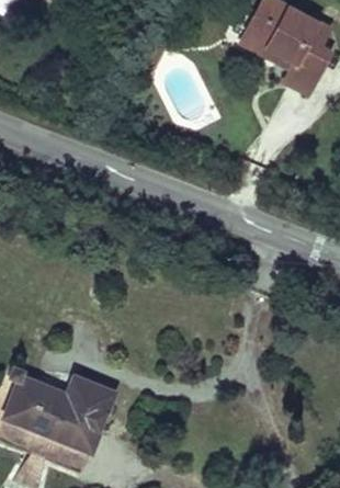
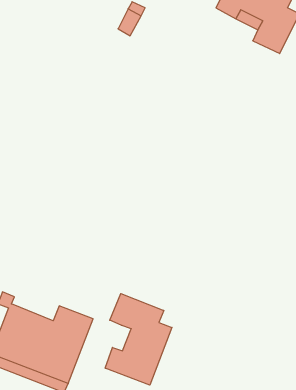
building: none -> [105,294,172,385]

